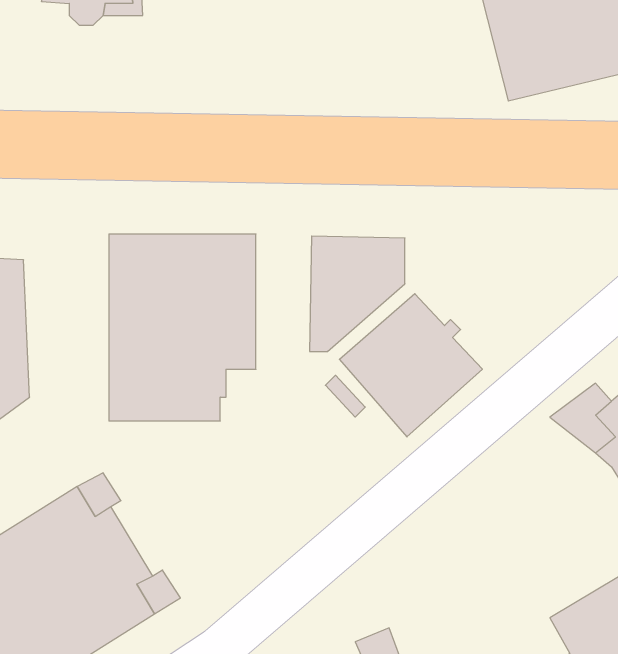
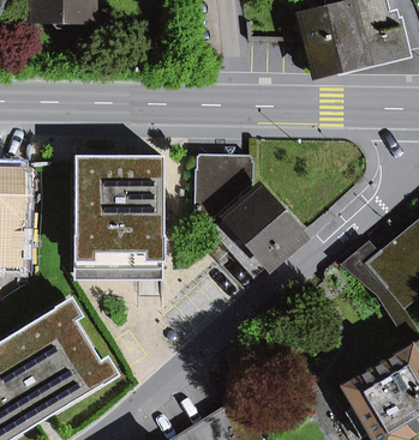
building: none -> [73,236,162,279]

